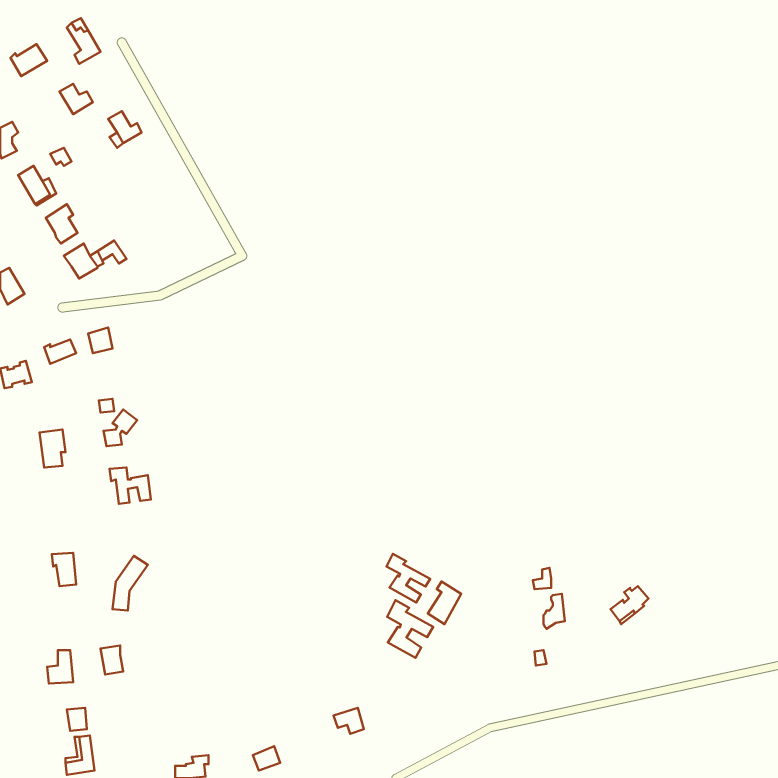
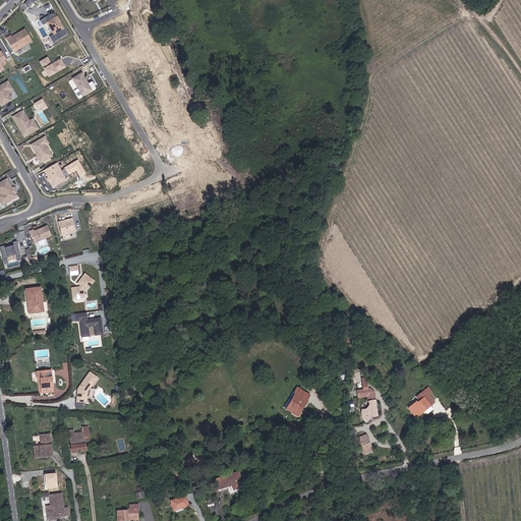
building: [387,554,430,602] -> none
building: [387,600,433,658] -> none

